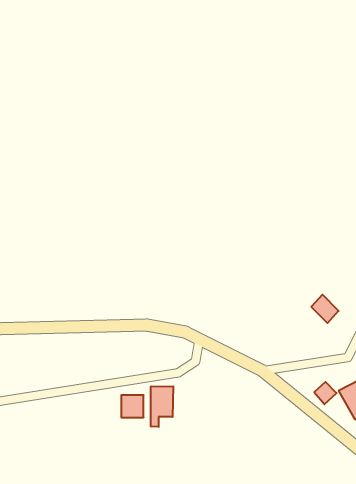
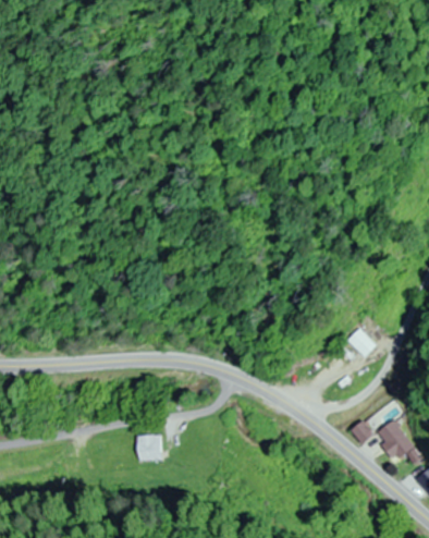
building: [151,386,173,427] -> none

